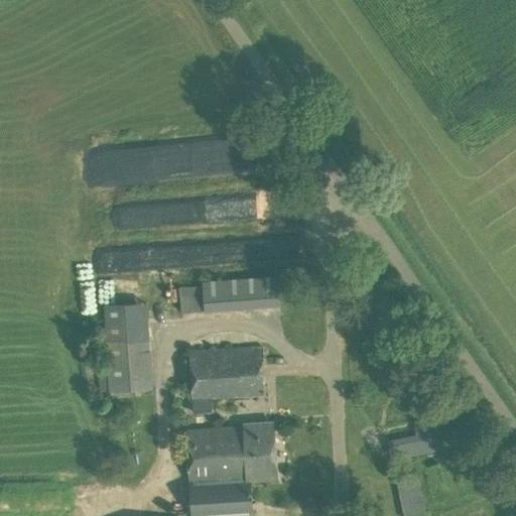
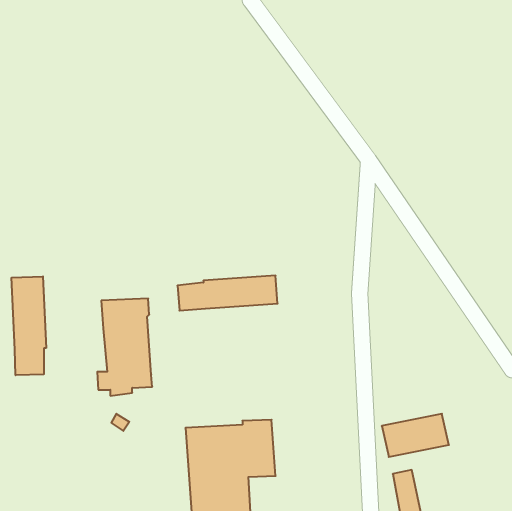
building: none -> [12,276,46,375]
building: [189,349,266,403] -> none

